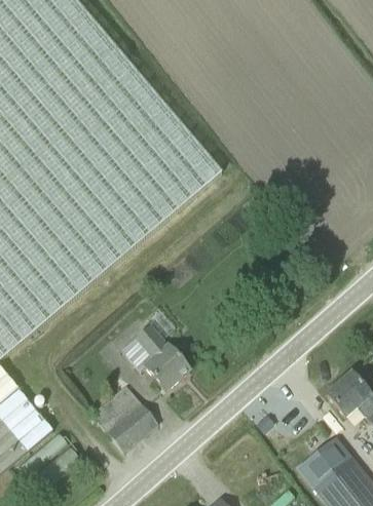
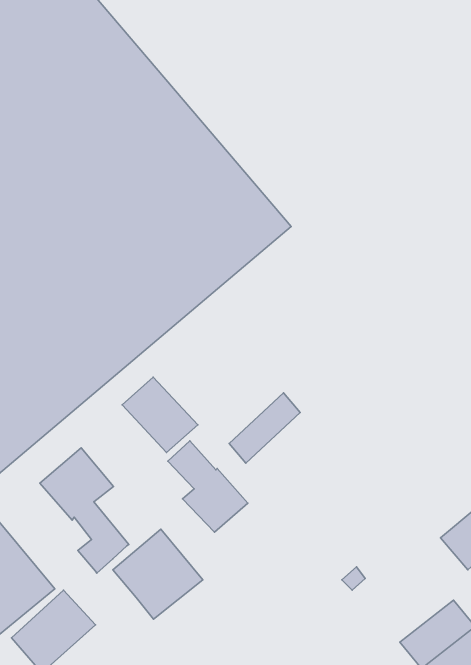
building: none -> [122,377,198,453]
building: none -> [229,393,300,463]
building: none -> [40,448,129,573]

